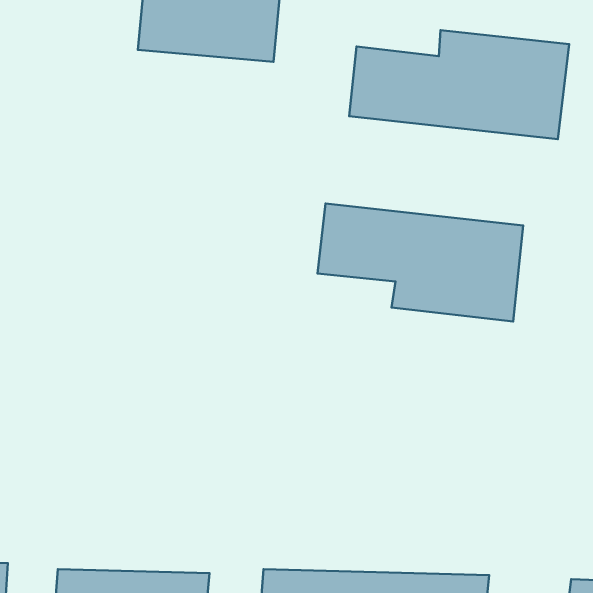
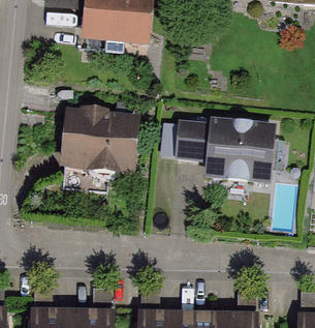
building: [349,30,569,139] -> none
building: none -> [61,113,146,175]

